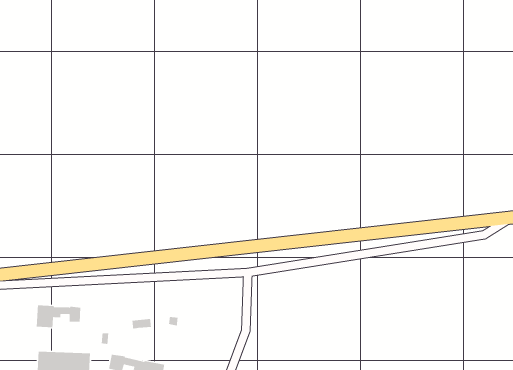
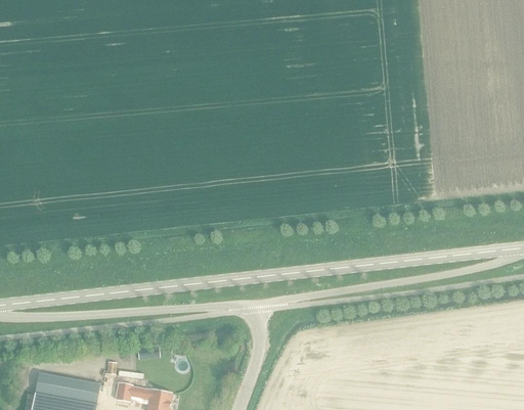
building: [36,305,81,328] -> none

